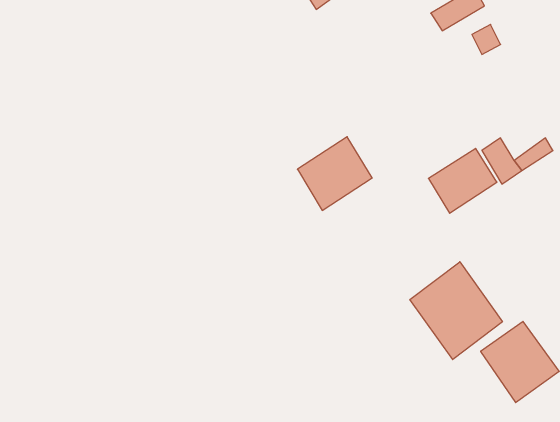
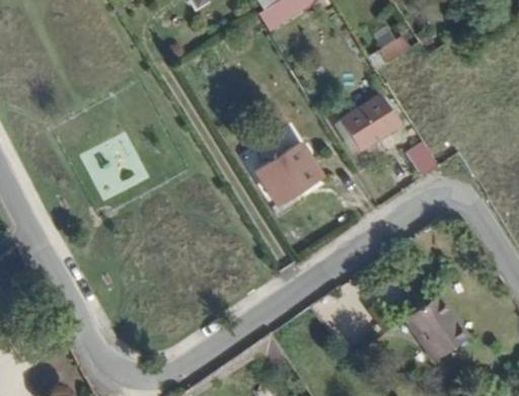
building: [428,148,497,213] -> [339,97,394,150]
building: [410,262,502,360] -> none

